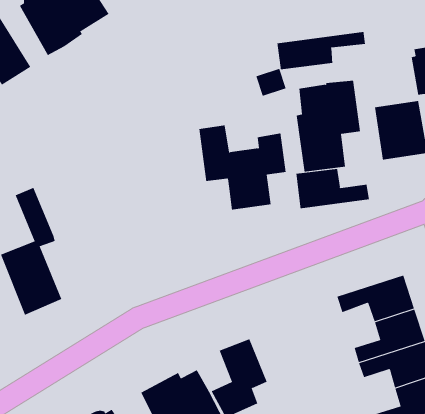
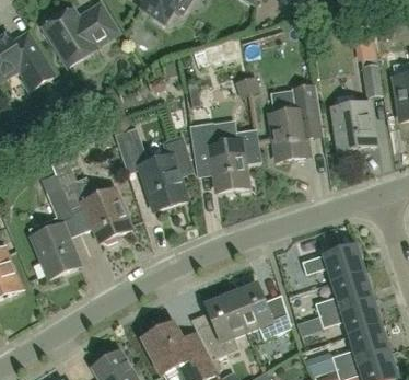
building: [277,31,365,70] -> none
building: none -> [114,126,194,209]
building: none -> [50,152,131,243]
building: [296,168,369,209] -> none
building: none -> [231,284,290,337]

